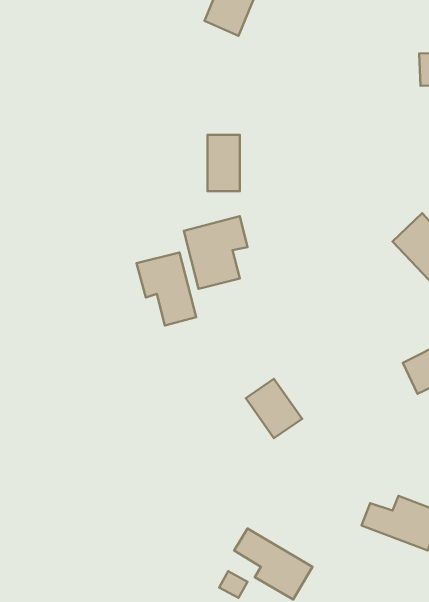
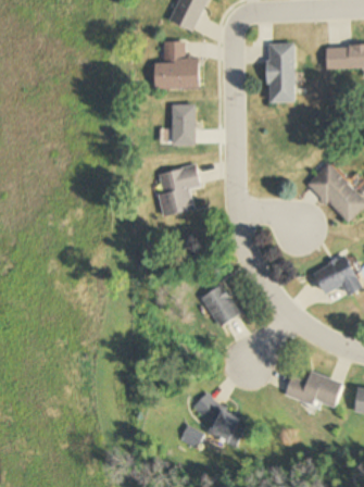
building: none -> [154,41,200,89]
building: none -> [268,42,296,103]
building: [137,252,196,326] -> none

